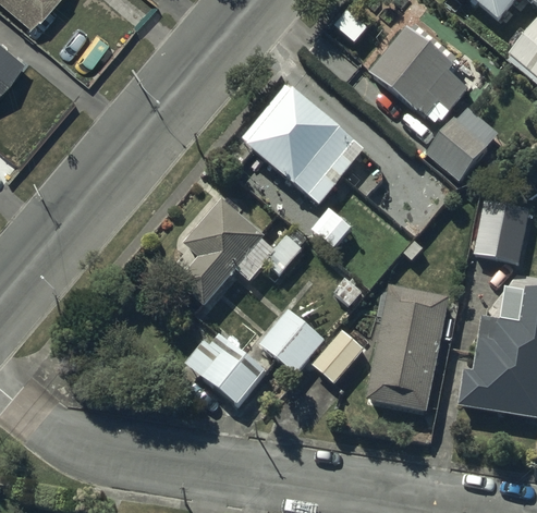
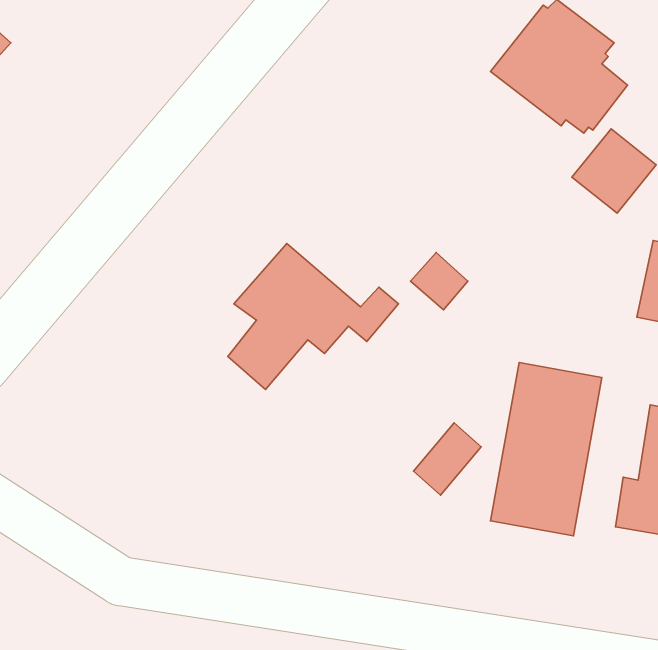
building: [243,87,352,204] -> none
building: [259,307,324,371] -> none
building: [186,315,267,403] -> none

